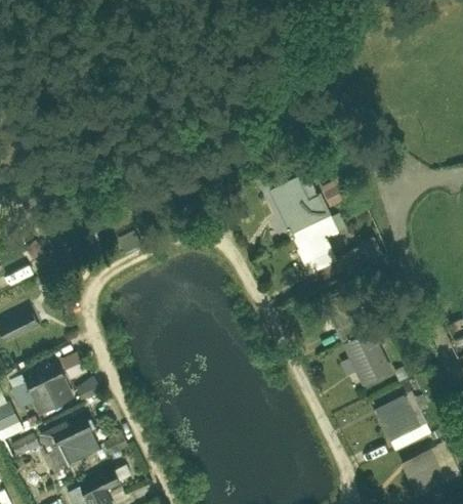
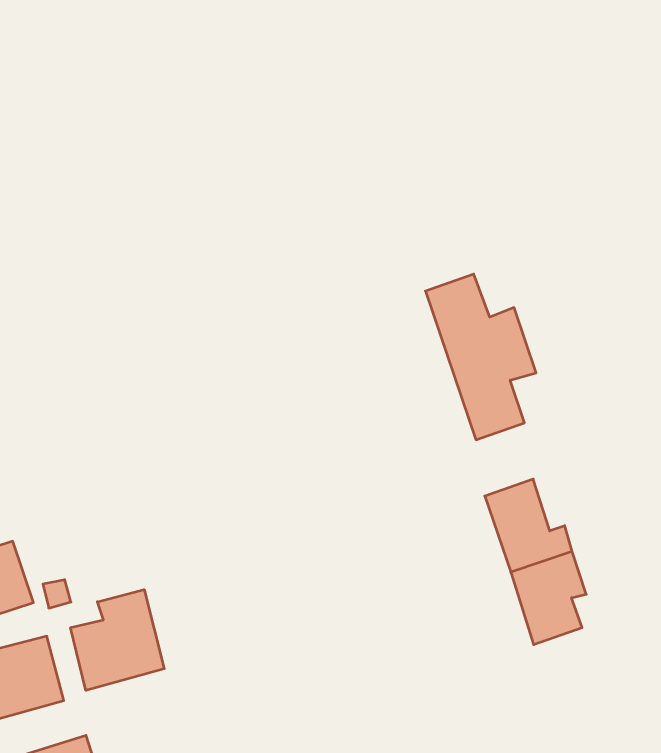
building: none -> [71,590,164,690]
building: [378,393,425,443] -> none

